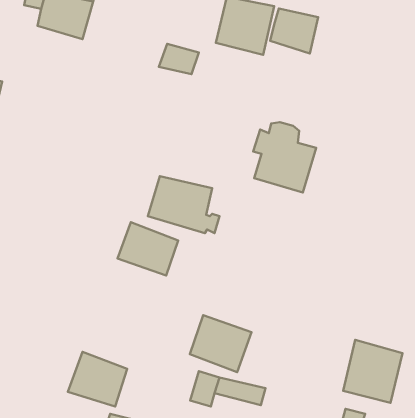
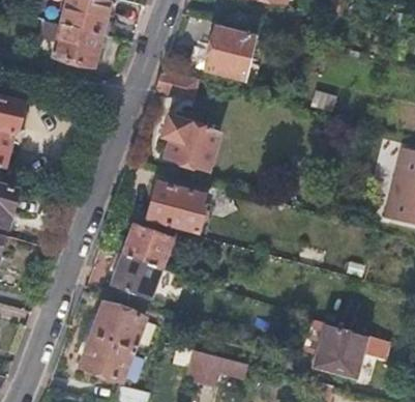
building: [270,9,318,53] -> none
building: [253,122,316,193] -> [166,110,219,170]
building: [190,315,252,372] -> [111,254,164,303]
building: none -> [92,303,142,348]

